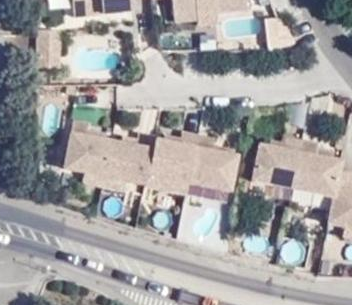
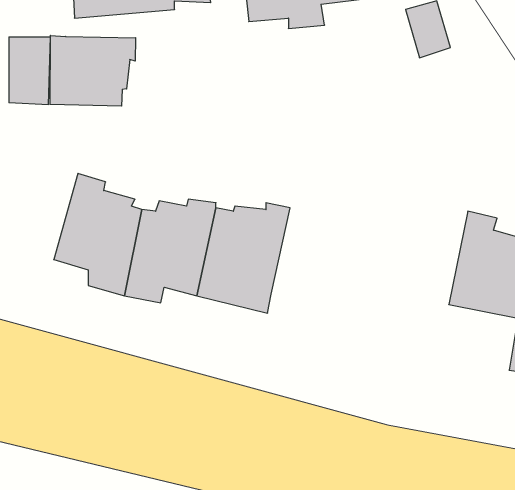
building: none -> [50,35,136,106]
building: [248,131,302,190] -> none
building: [188,134,241,194] -> none

